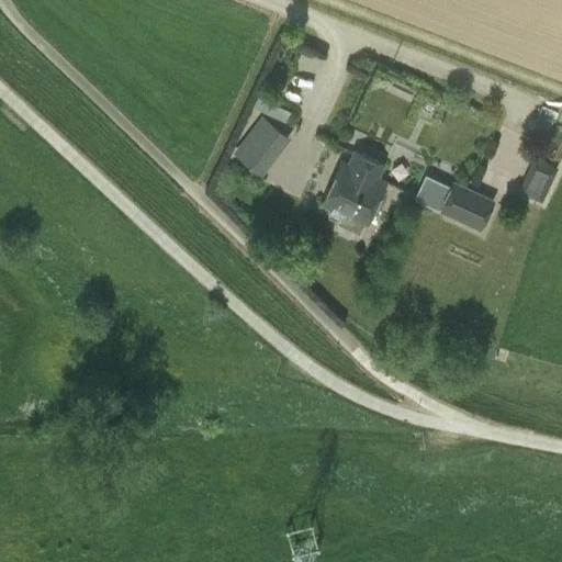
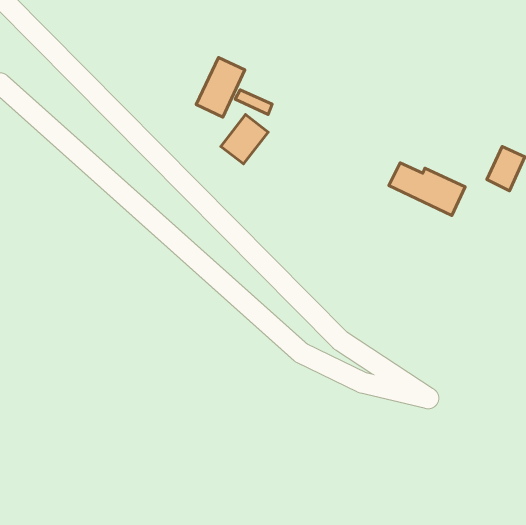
building: none -> [196,58,245,117]
building: [322,150,386,234] -> none

